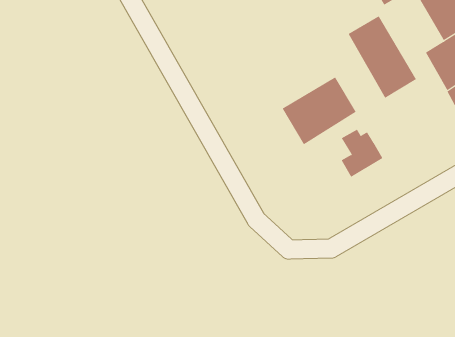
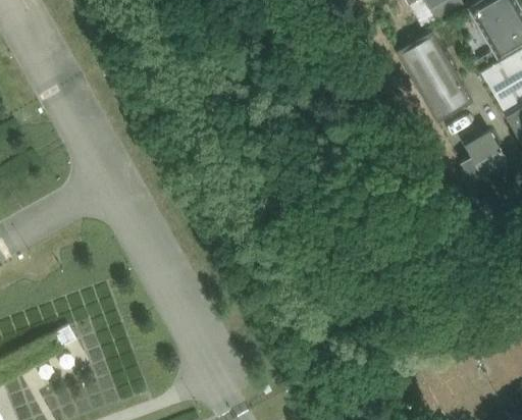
building: [282,76,357,145] -> none
building: [341,129,383,178] -> [461,128,508,182]

